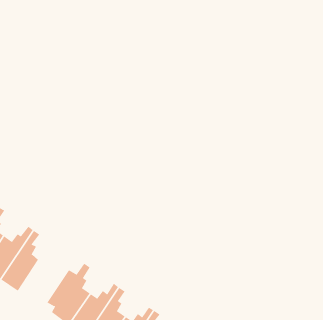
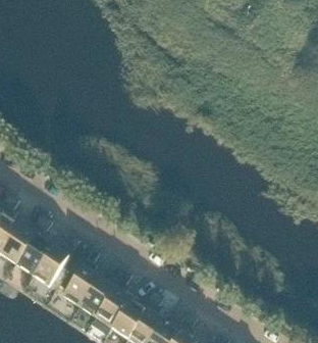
building: none -> [31,255,77,304]

